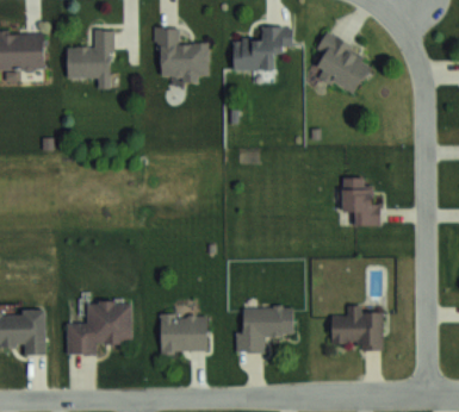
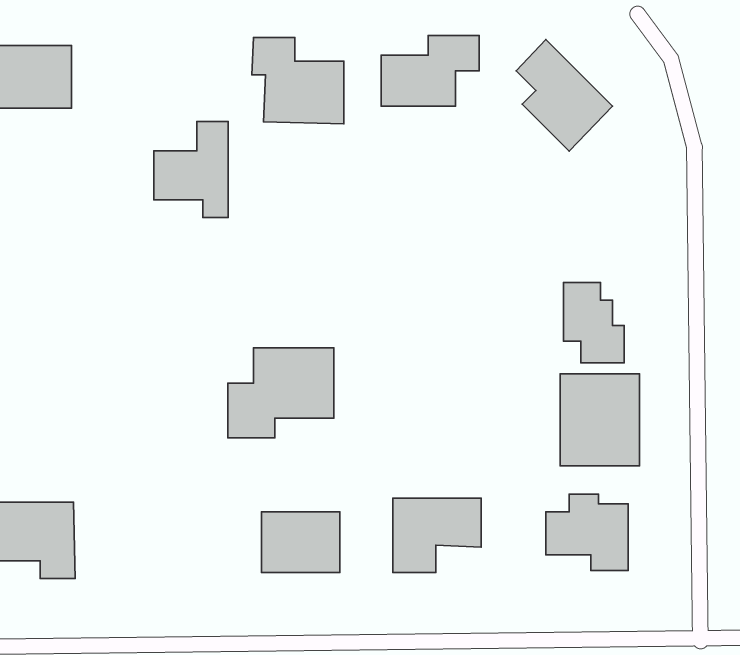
building: [68,30,113,88] -> [154,121,228,217]
building: none -> [560,374,640,466]
building: [68,300,132,355] -> [228,348,334,438]

